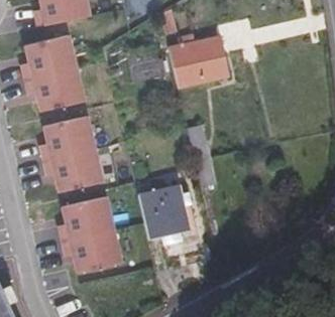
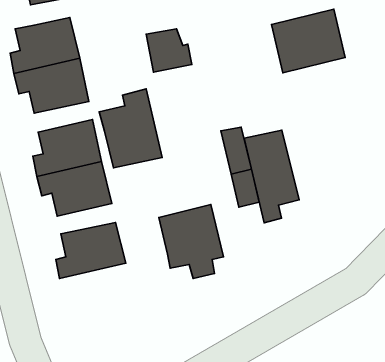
building: [171,35,229,86] -> [271,9,345,73]
building: none -> [99,89,162,168]
building: none -> [244,130,299,223]
building: [61,230,120,274] -> none

